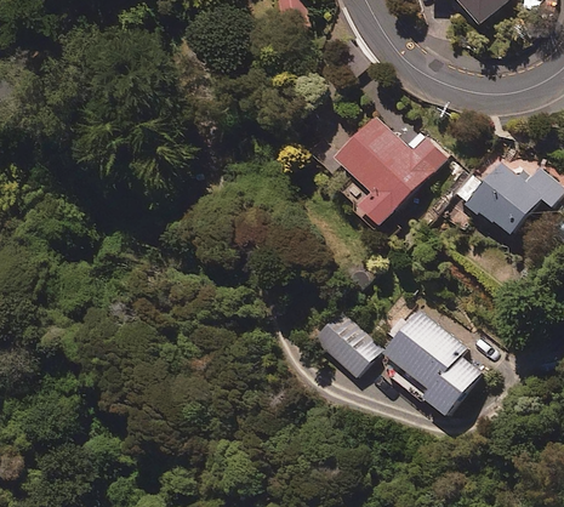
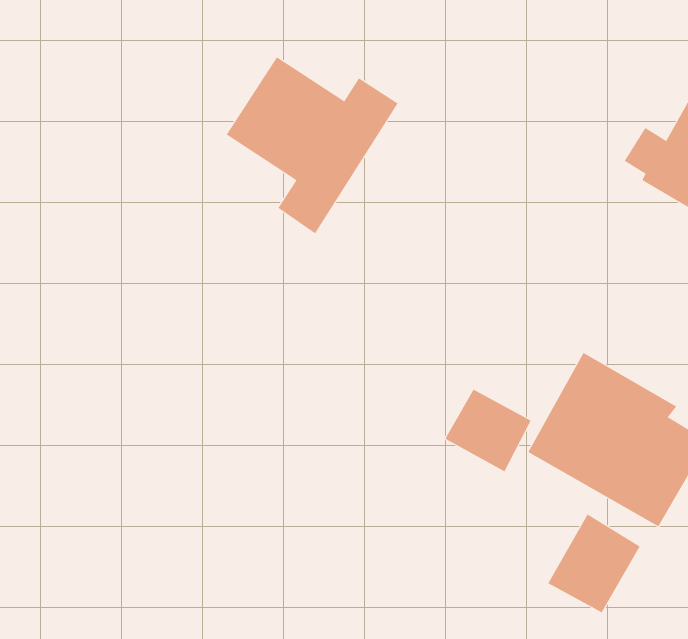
building: [331,110,441,224] -> [226,57,399,234]
building: none -> [547,513,641,613]

